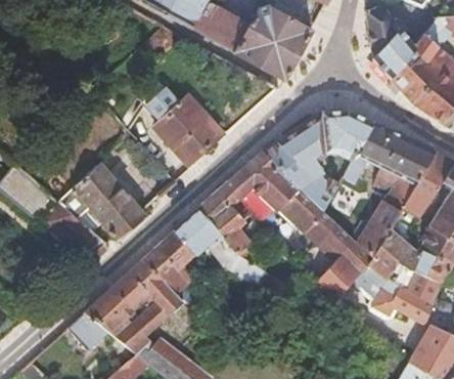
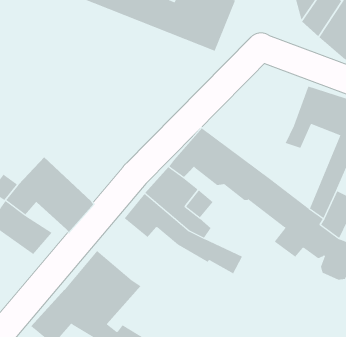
building: [146,87,225,168] -> none
building: [262,110,372,210] -> none
building: [143,231,195,294] -> none

